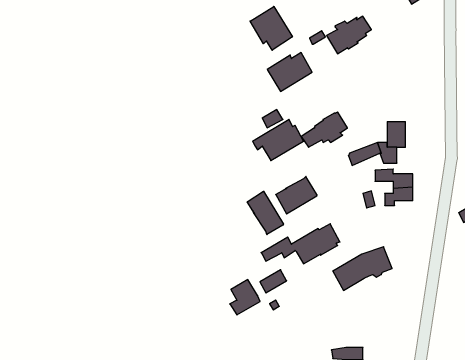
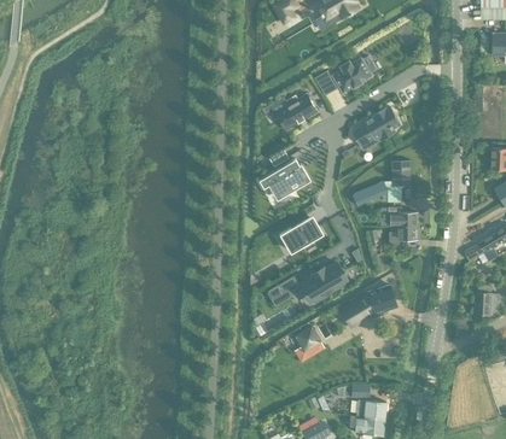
building: [250,6,292,50] -> none
building: [301,112,347,147] -> [354,107,400,142]
building: [247,191,283,235] -> none
building: [230,280,260,315] -> [293,327,324,362]

